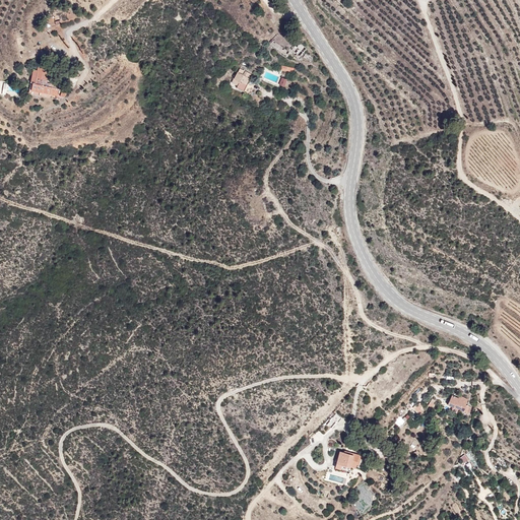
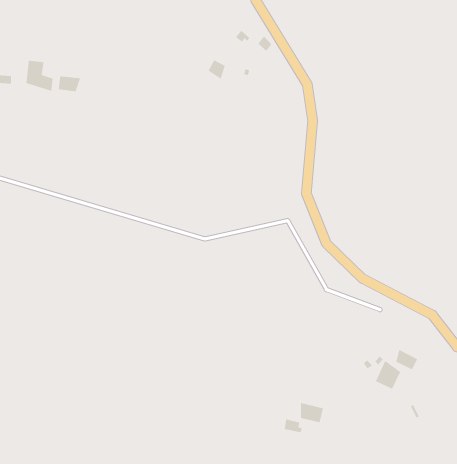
building: none -> [58,75,81,92]
building: none -> [375,360,401,390]

